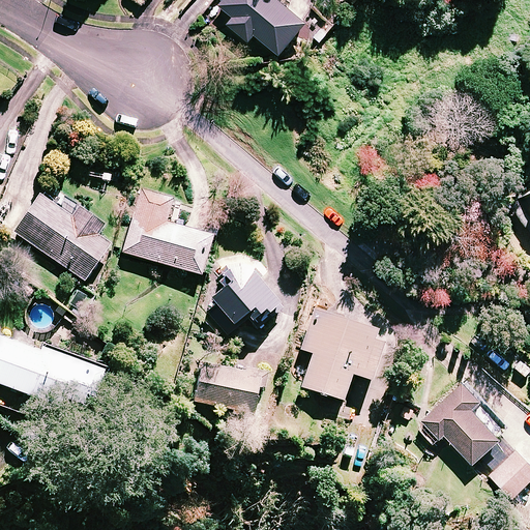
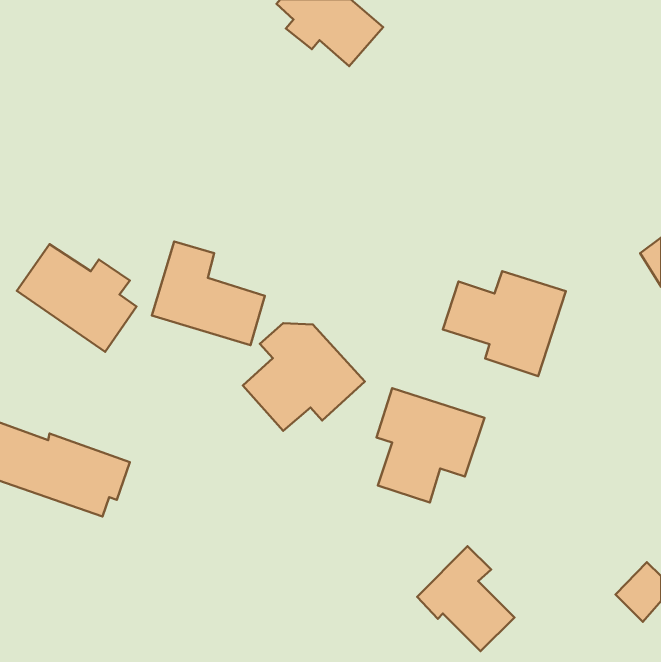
building: none -> [443,271,566,376]
building: [194,363,266,413] -> none
building: [422,378,500,462] -> [417,546,514,651]

